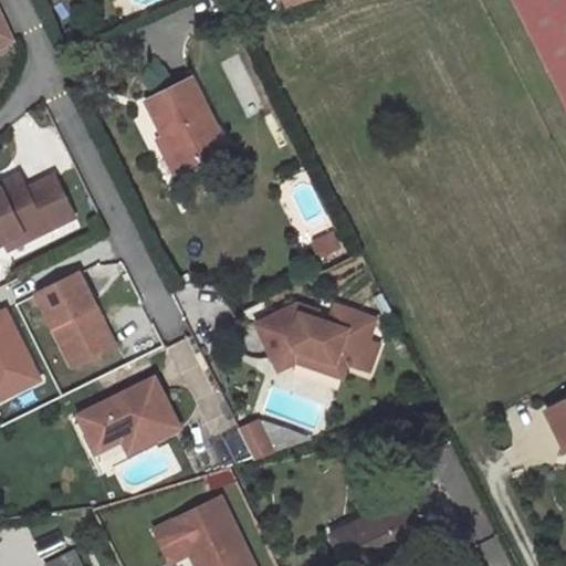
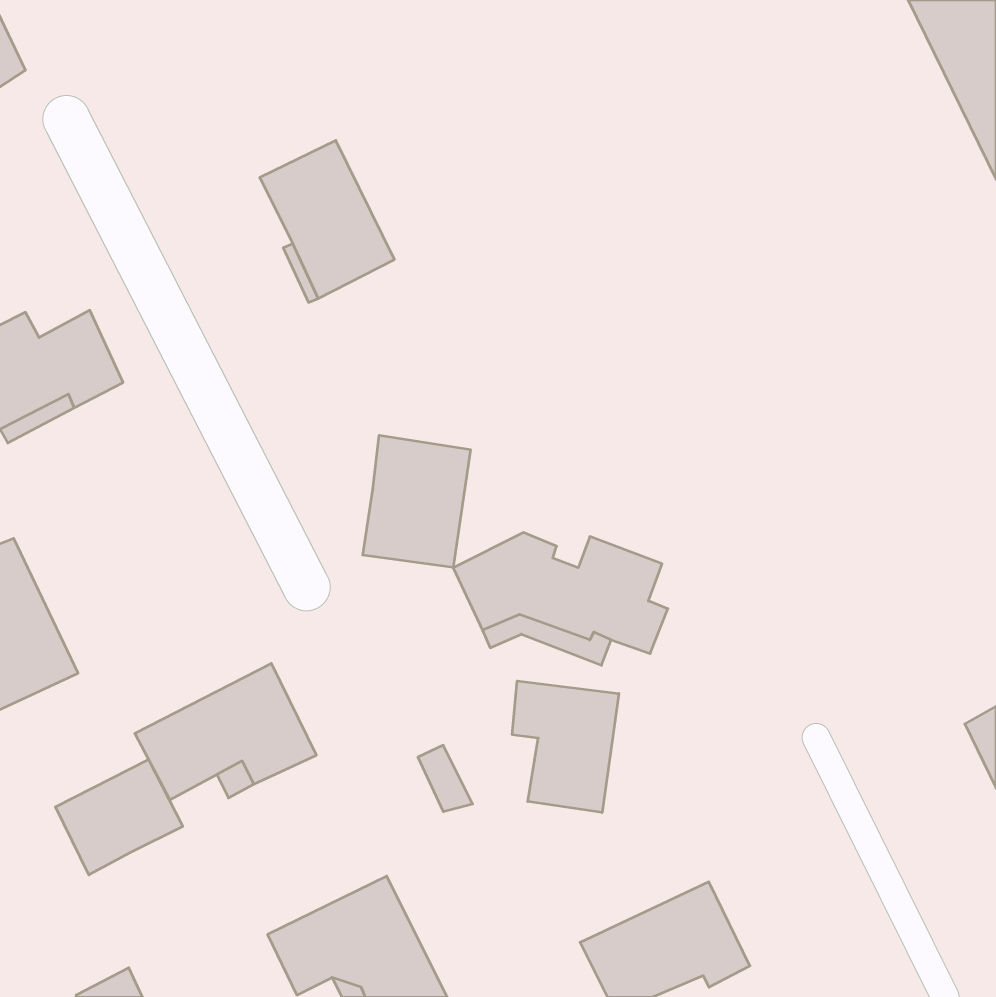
building: none -> [363,435,470,568]
building: [38,273,115,367] -> none
building: none -> [512,681,619,813]
building: none -> [55,760,183,875]

